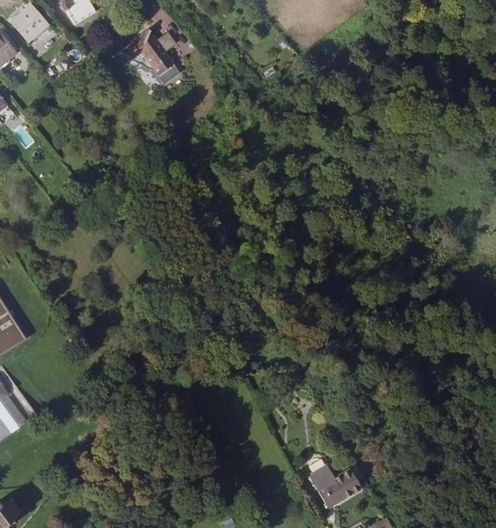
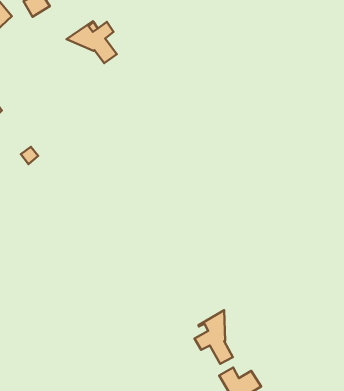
building: none -> [194,310,233,364]

